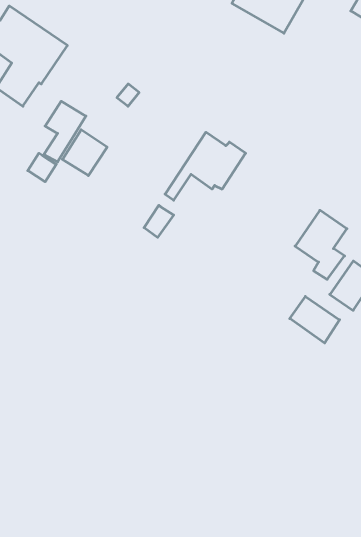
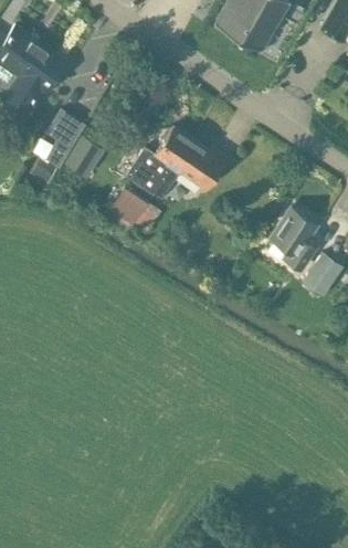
building: none -> [126,126,191,193]
building: none -> [110,188,149,226]
building: [290,296,340,343] -> none

